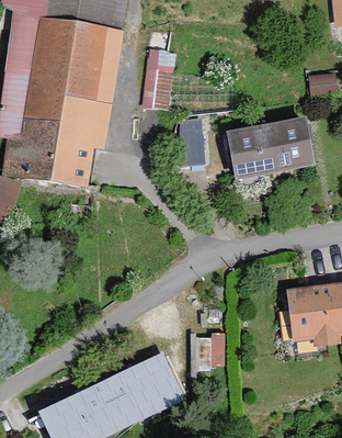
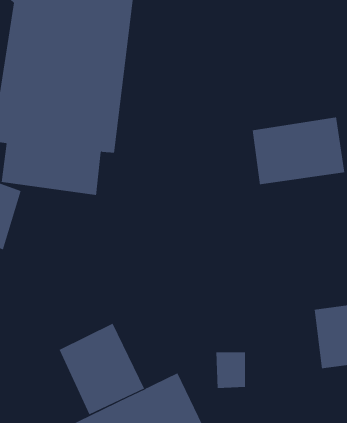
building: [142,68,174,111] -> none
building: [176,112,208,160] -> none
building: none -> [59,323,145,415]

